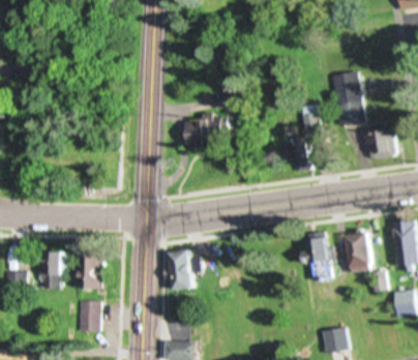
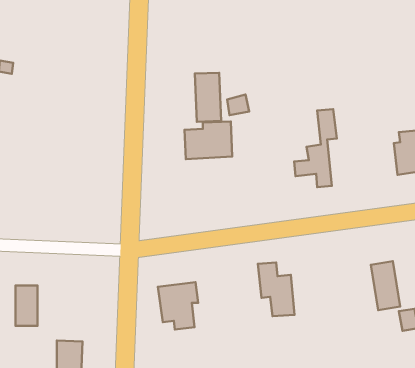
building: [332,71,363,124] -> none
building: none -> [195,73,221,122]
building: [300,233,331,278] -> [258,263,294,316]
building: [78,257,109,284] -> none

